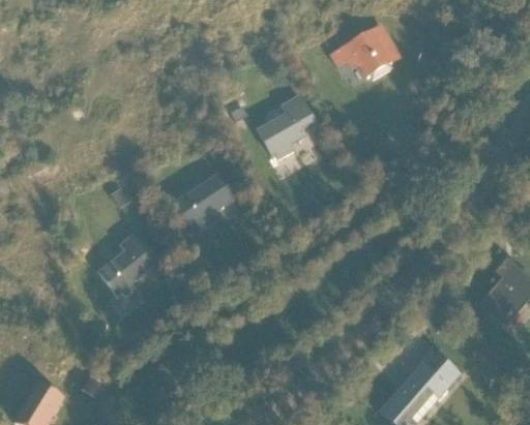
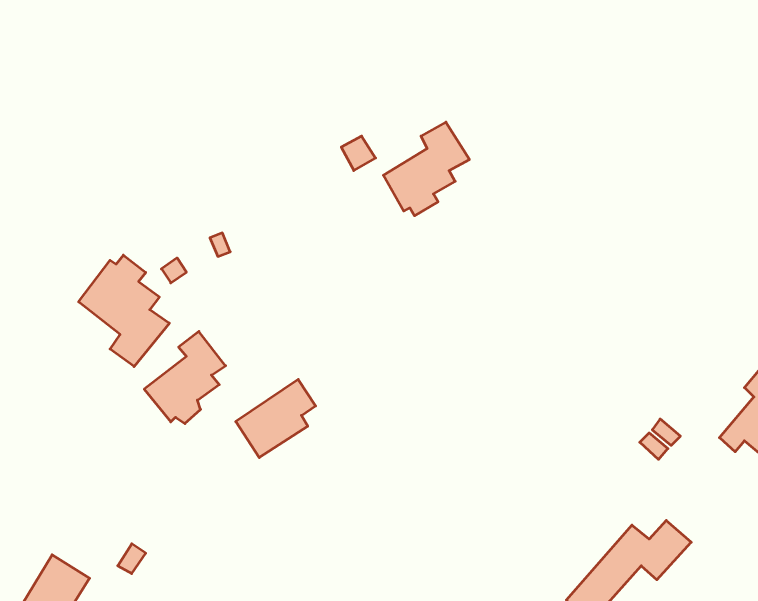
building: [330,25,392,79] -> none
building: [176,175,229,226] -> [236,379,316,458]
building: none -> [79,255,169,367]

